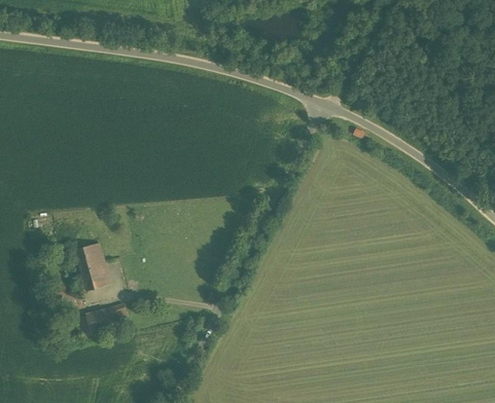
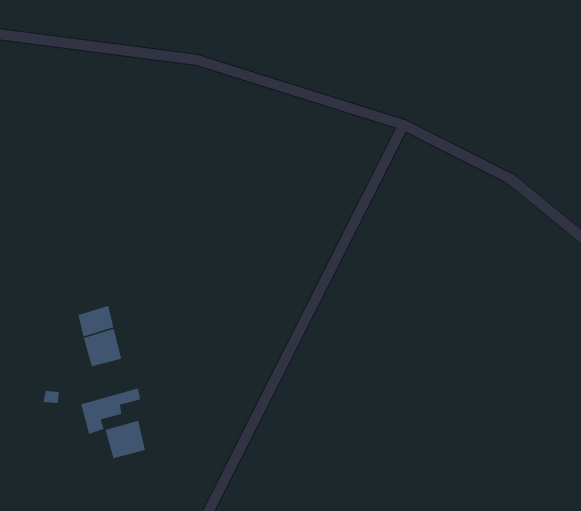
building: none -> [105,420,146,459]

